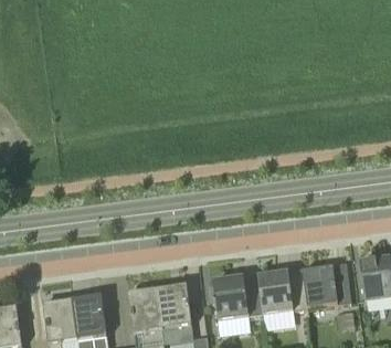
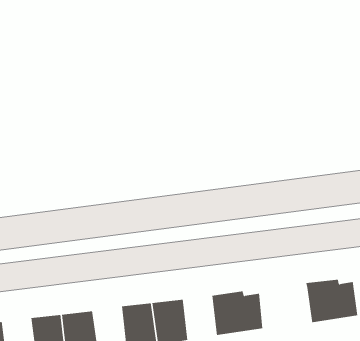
building: [256,272,306,313] -> none

